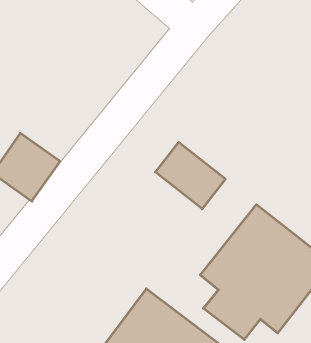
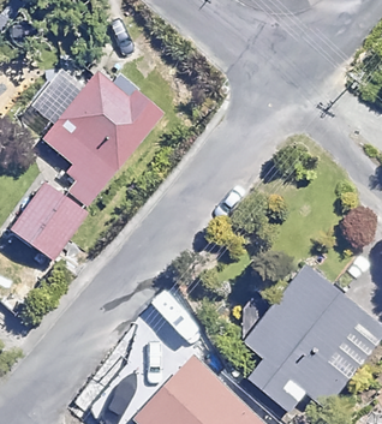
building: none -> [42,68,163,204]
building: [155,142,225,209] -> none

